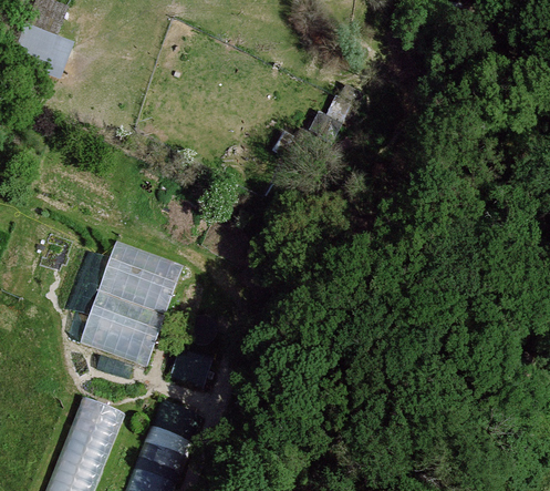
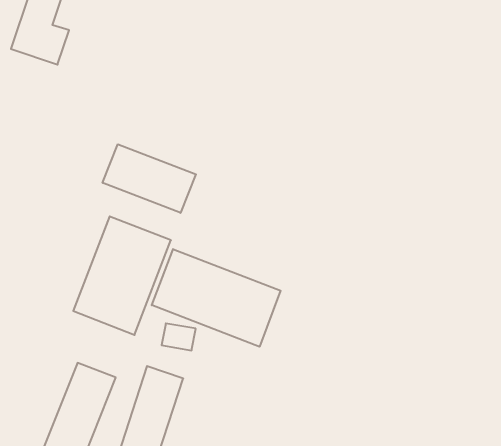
building: none -> [103,144,196,213]
building: none -> [152,249,281,347]

